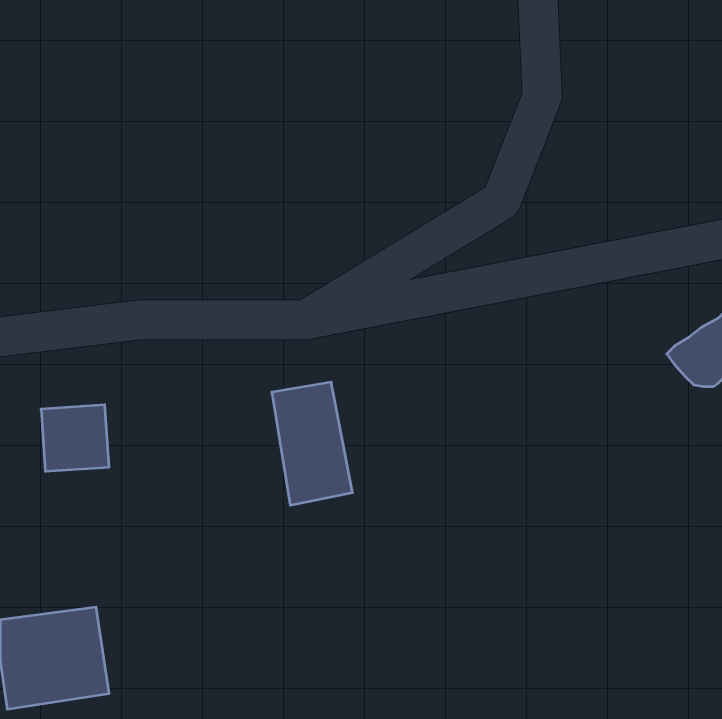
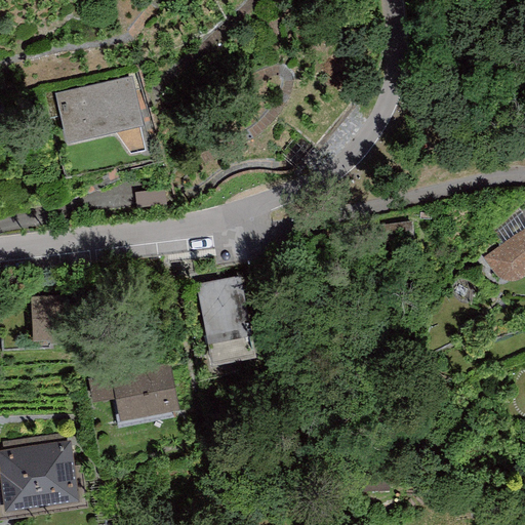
building: none -> [57,76,143,143]
building: none -> [88,362,178,422]

